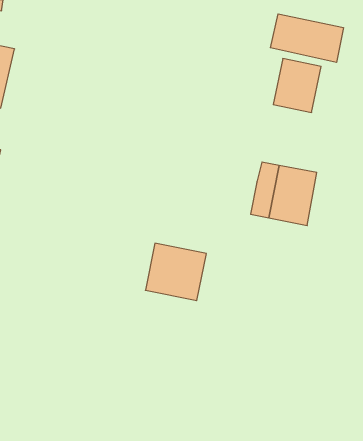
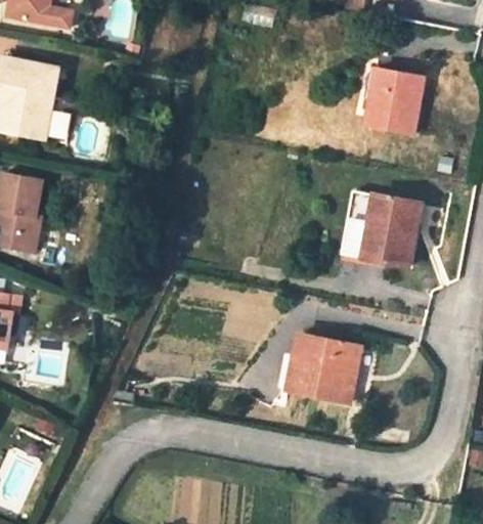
building: [270,14,343,62] -> none
building: [145,243,206,301] -> [286,337,357,404]

